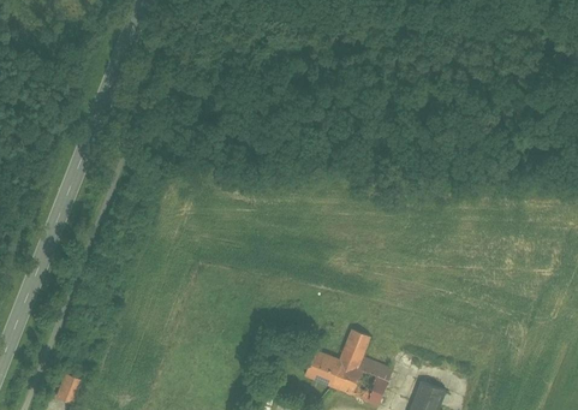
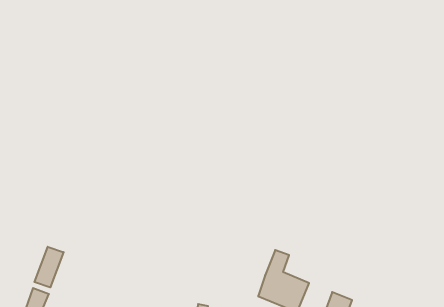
building: none -> [34,247,64,287]
building: [304,350,340,385] -> none

